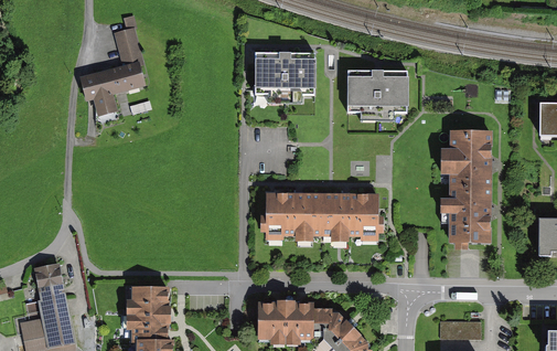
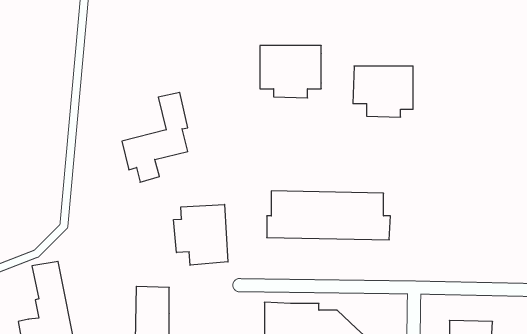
building: [81,30,144,117] -> [122,92,188,182]
building: [444,130,492,244] -> none
building: none -> [174,204,228,265]

